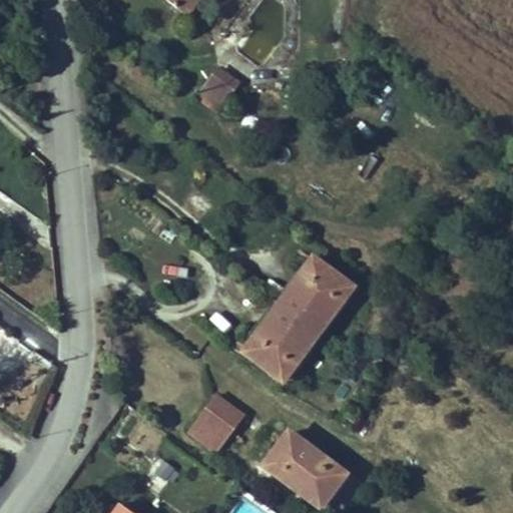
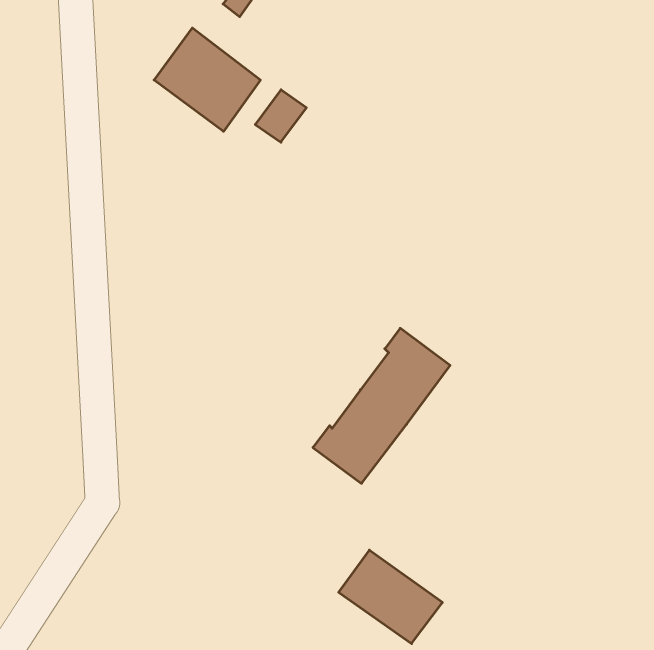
building: none -> [154,28,260,131]
building: [188,393,241,448] -> none

